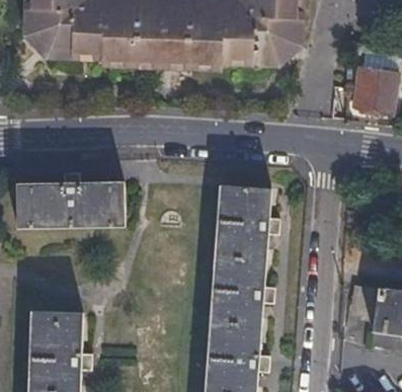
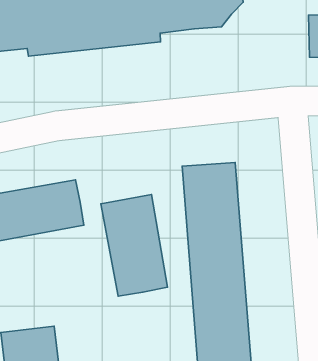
building: none -> [101,195,168,296]

